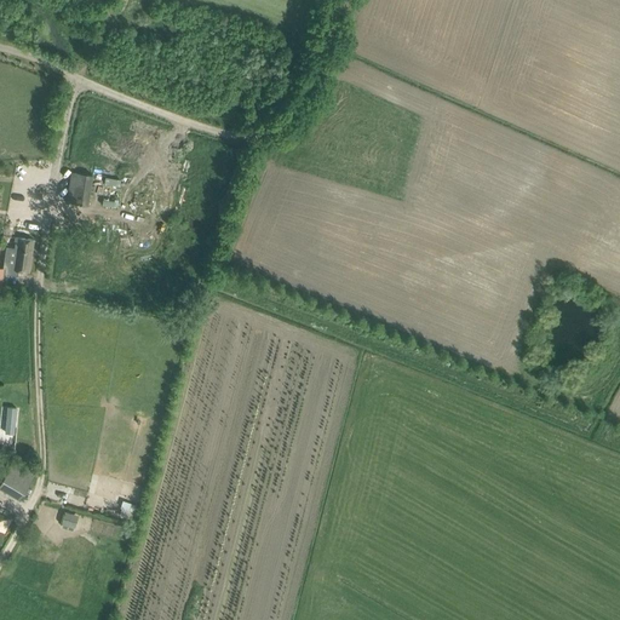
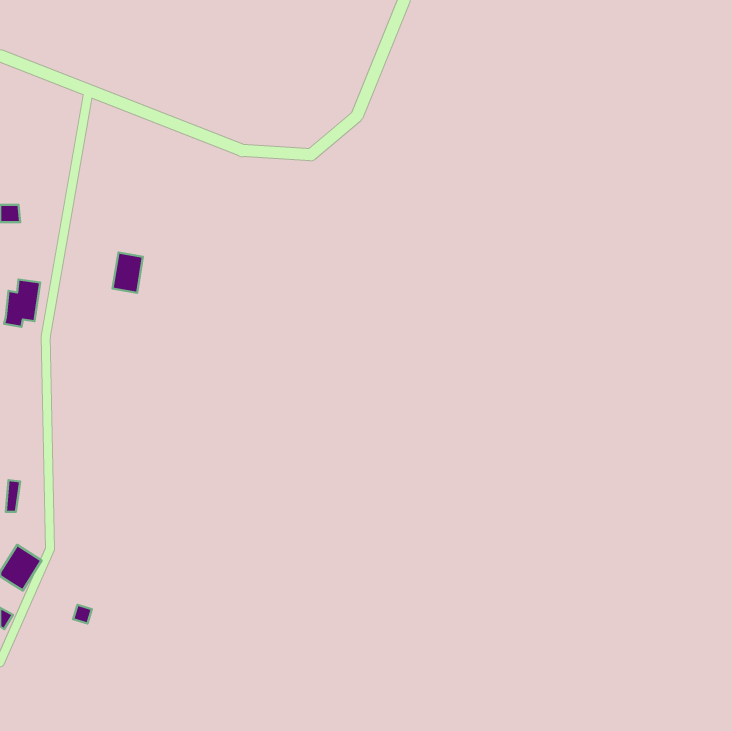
building: [67,172,92,206] -> [113,253,143,293]

